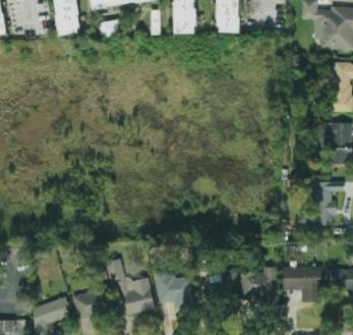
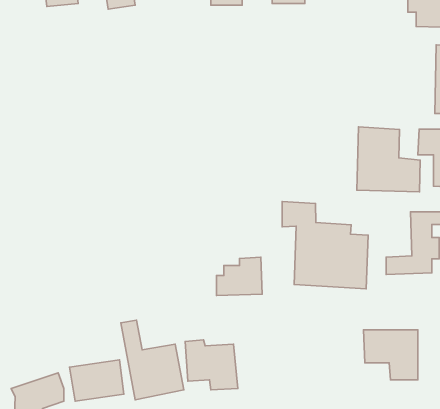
building: none -> [357,127,420,192]
building: none -> [282,202,368,289]
building: [241,267,276,296] -> none
building: [203,270,236,297] -> [217,257,262,296]

